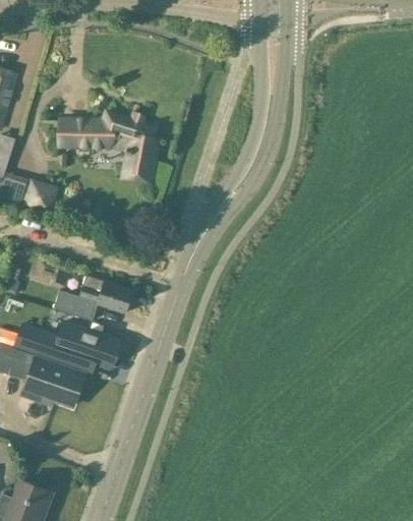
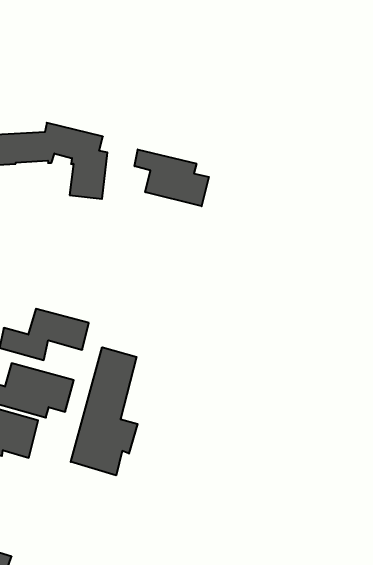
building: none -> [135,149,209,206]
building: none -> [71,347,138,475]

